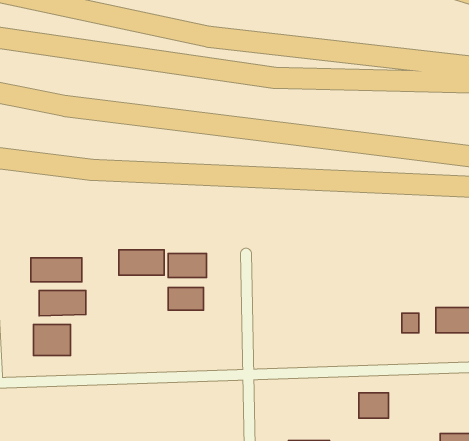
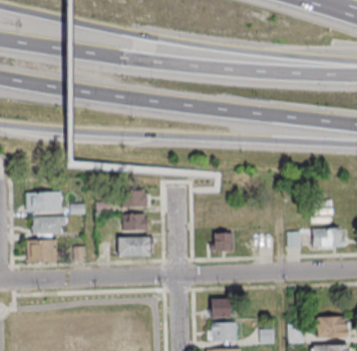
building: [119,250,164,275] -> [118,238,150,256]
building: none -> [212,233,234,251]
building: [359,393,389,418] -> [210,300,231,318]

